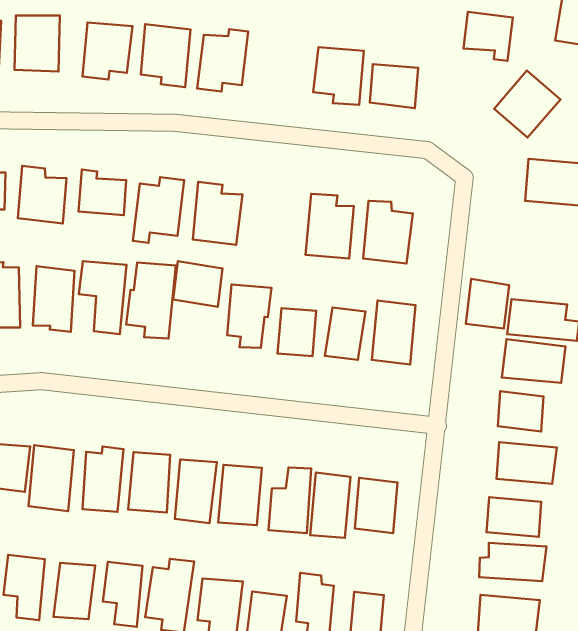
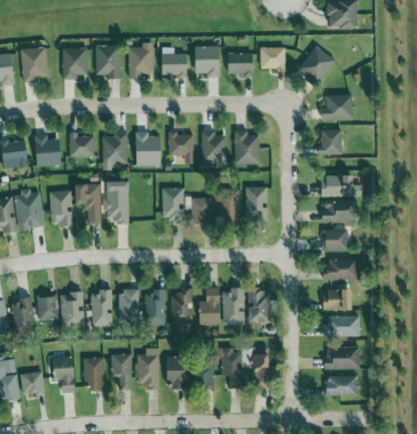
building: [463,12,513,61] -> [260,47,286,72]
building: none -> [161,53,188,75]
building: [173,261,223,307] -> [167,132,193,155]
building: [466,279,509,328] -> [320,128,342,154]

